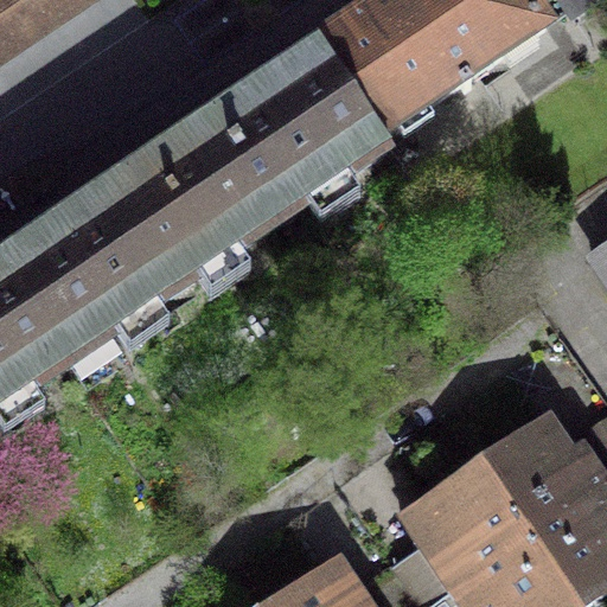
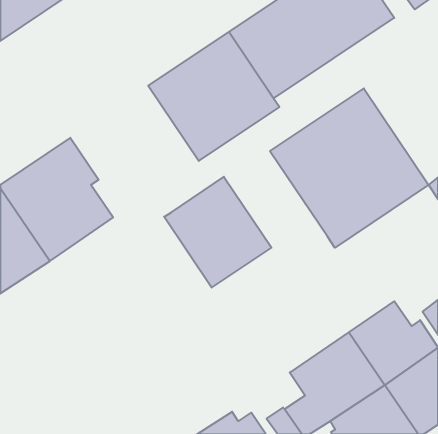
building: [97,119,275,301] -> none
building: none -> [270,88,429,248]
building: none -> [164,177,271,288]

